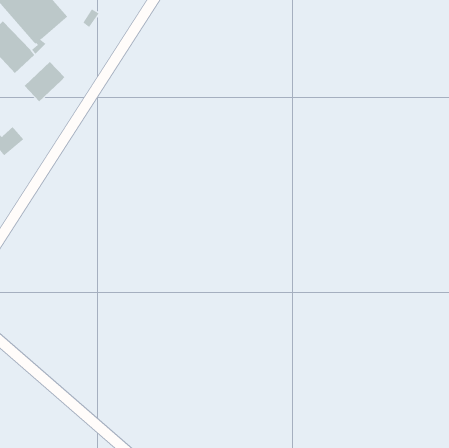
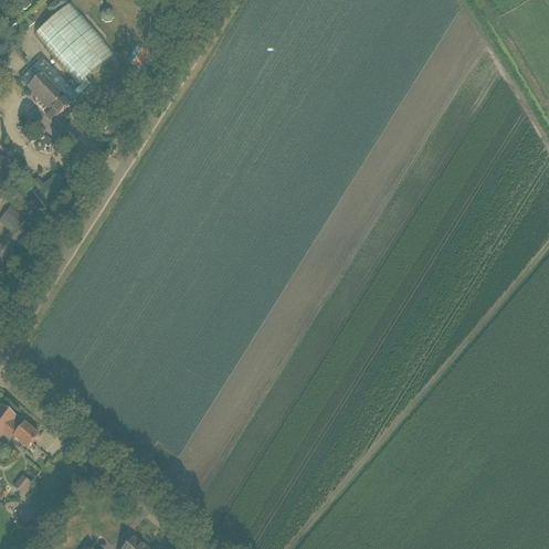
building: [24,61,65,102] -> none

